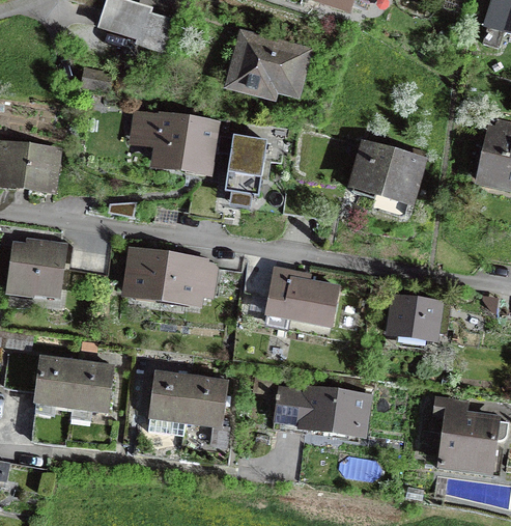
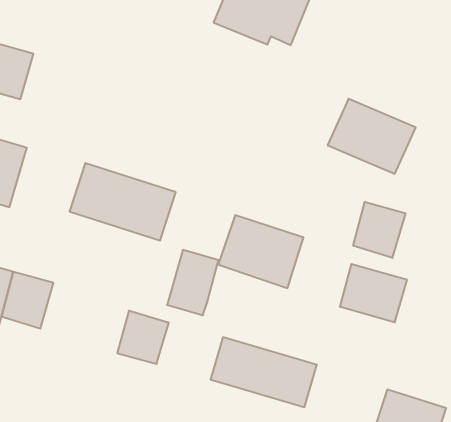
building: [127,109,220,176] -> none
building: [224,134,265,196] -> none
building: none -> [353,202,405,258]
building: [147,370,189,428] -> [167,250,219,315]

